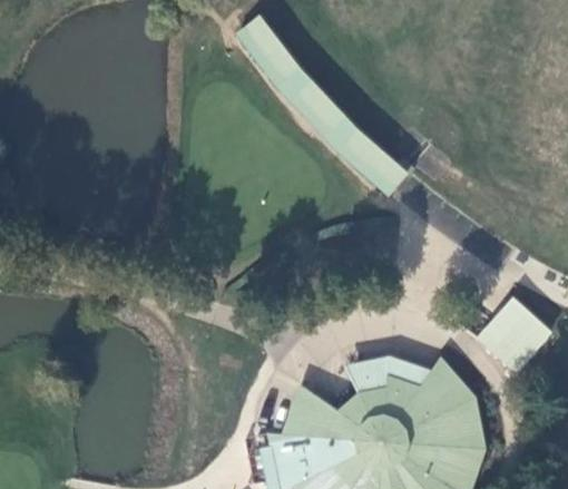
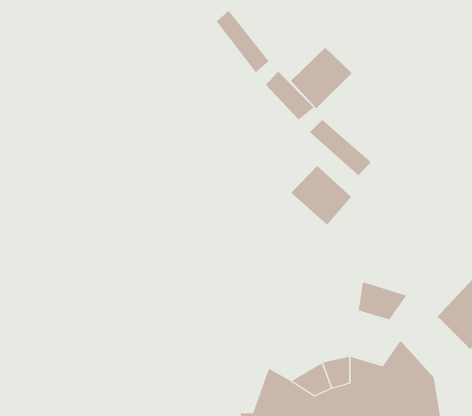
building: none -> [290,47,352,109]
building: none -> [290,165,352,226]
building: [385,348,437,388] -> [358,282,407,320]

